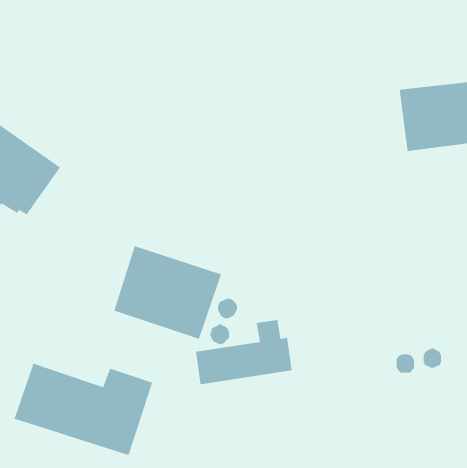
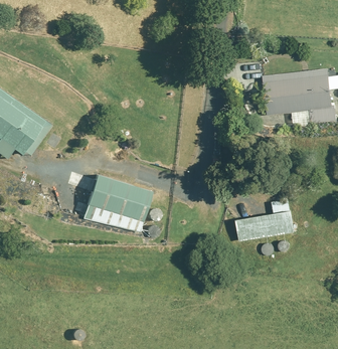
building: [195,320,292,385] -> [234,199,296,240]
building: [14,363,153,456] -> none

